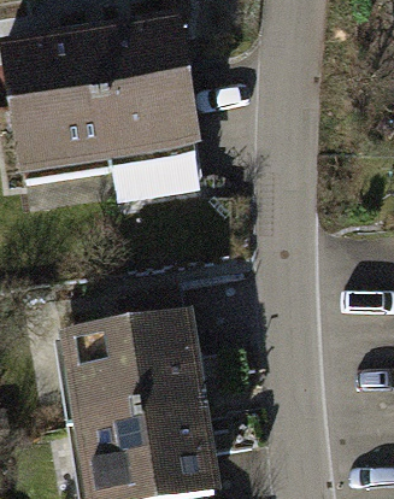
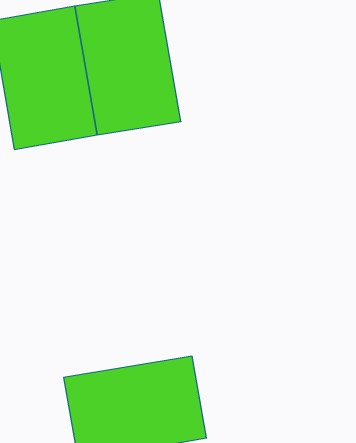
building: [59,315,213,427] -> none

